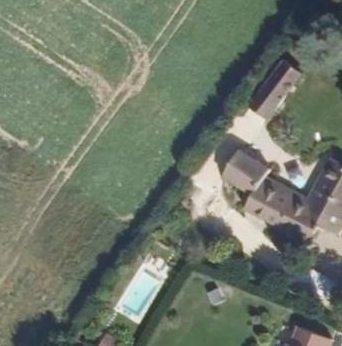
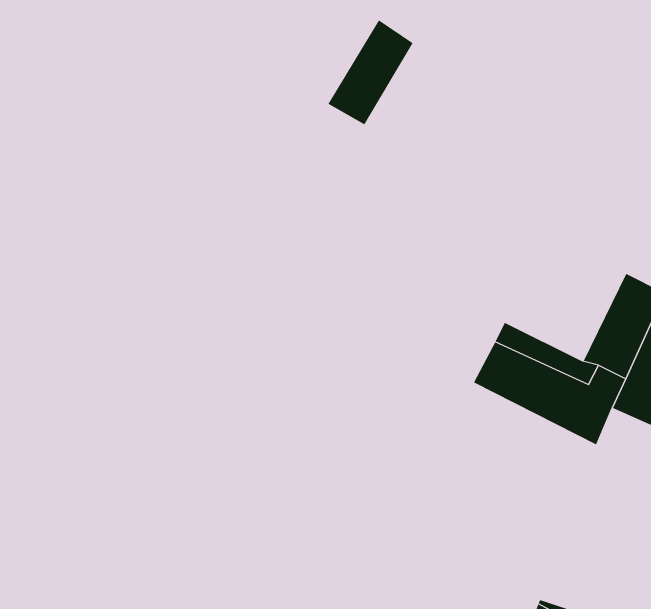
building: [244,61,288,115] -> [328,20,414,125]
building: [221,147,269,193] -> none

